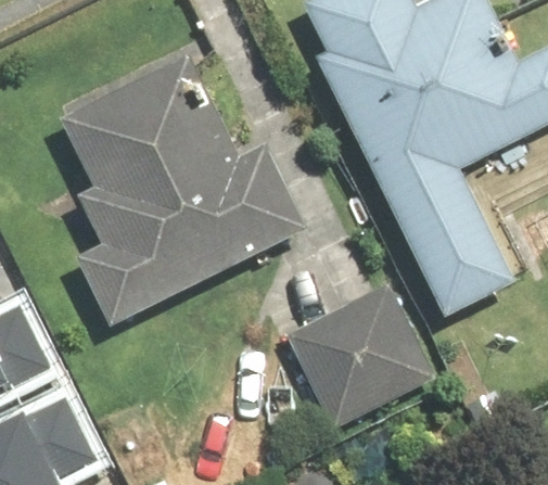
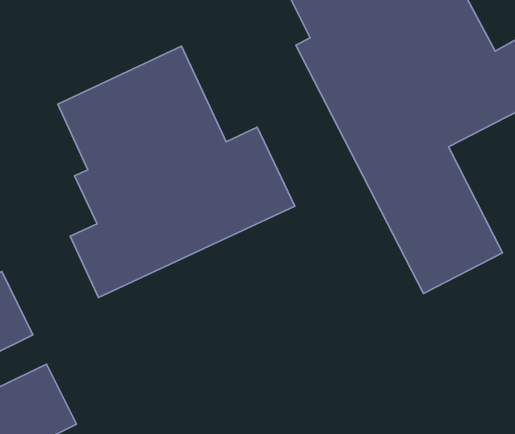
building: [281,259,435,431] -> none

